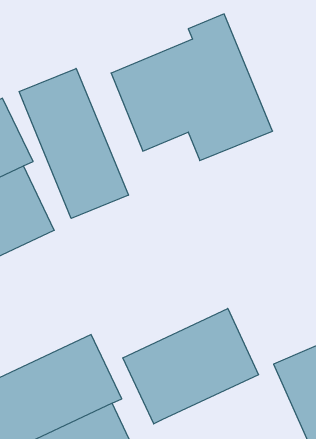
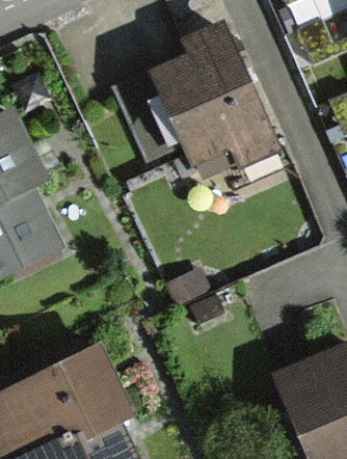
building: [19,68,128,218] -> none
building: [123,308,259,424] -> none

